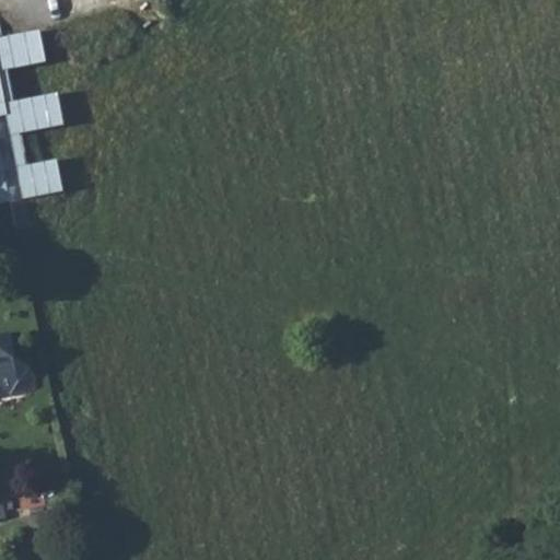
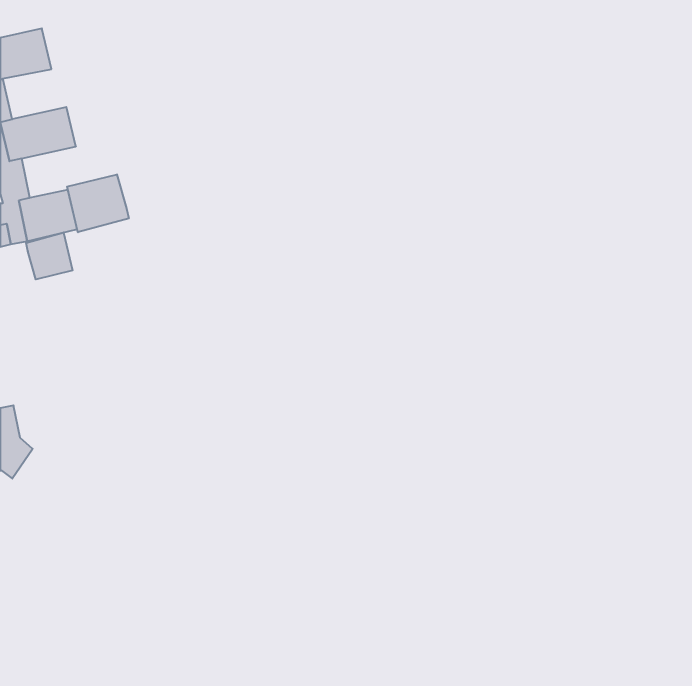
building: none -> [67,174,129,232]
building: none -> [26,232,73,279]

